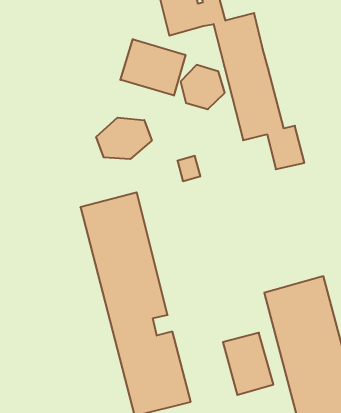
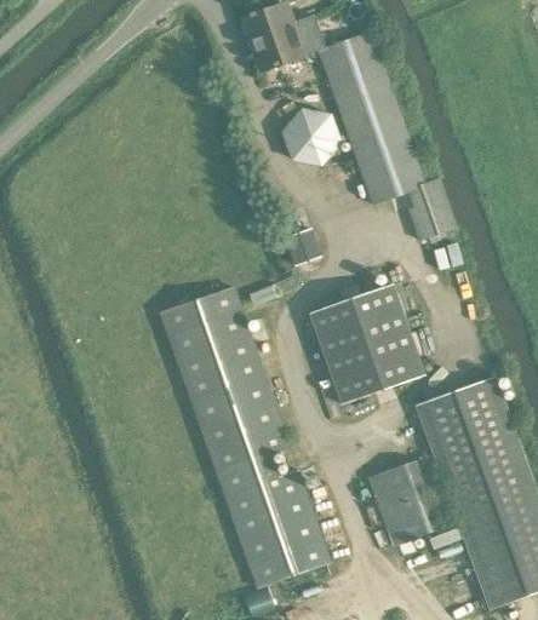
building: [120,39,185,96] -> none
building: [96,118,152,159] -> none
building: none -> [309,285,423,404]

